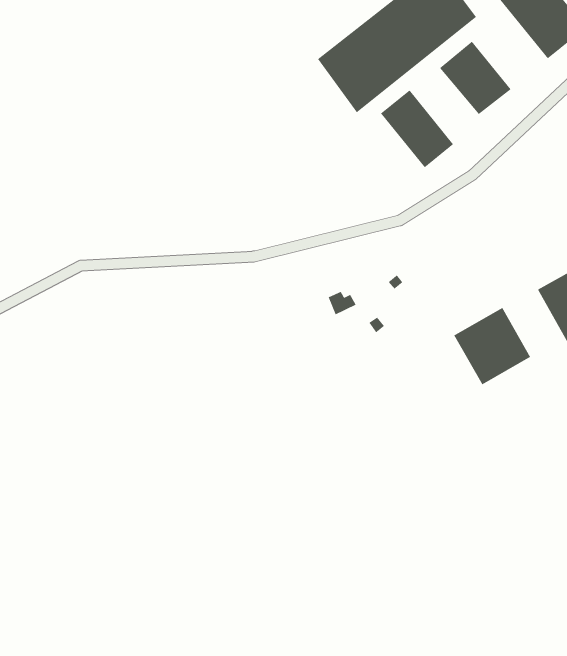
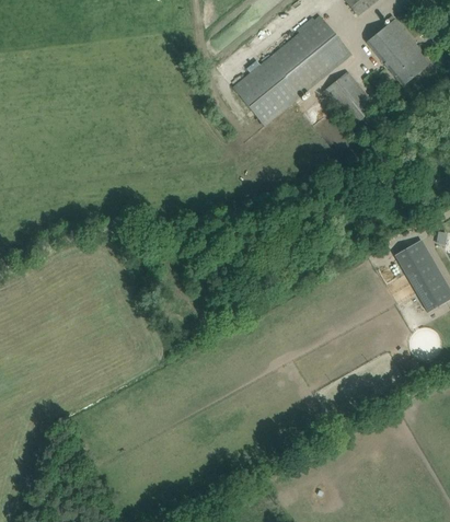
building: [380,89,454,168] -> none
building: [454,307,531,385] -> none

